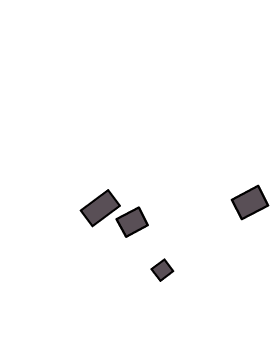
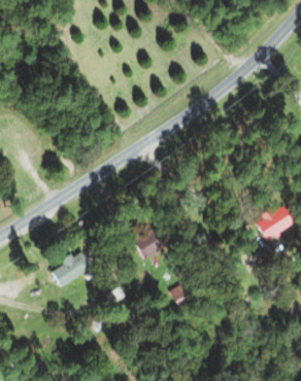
building: [81,190,120,226] -> [49,248,91,286]

